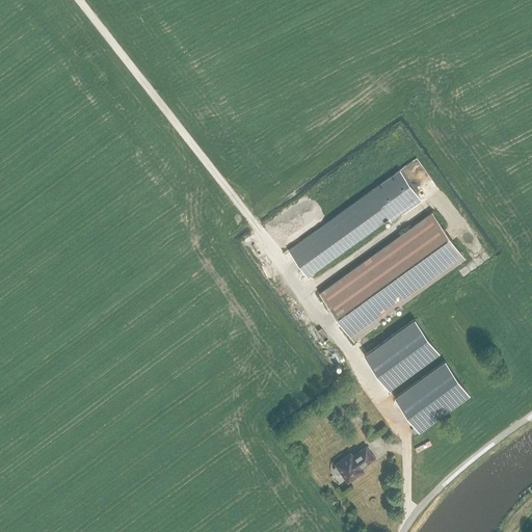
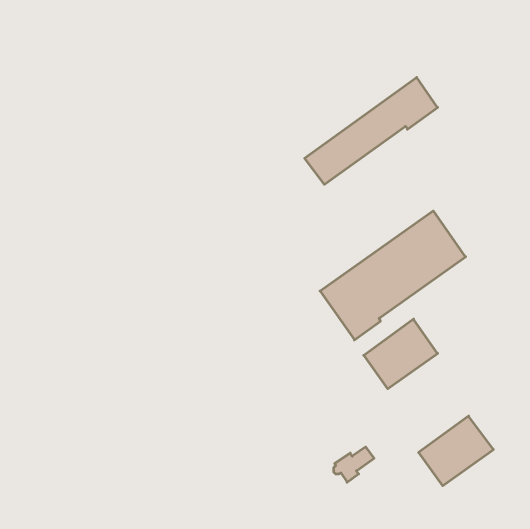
building: [287,171,420,278] -> [305,77,438,184]
building: [394,364,469,433] -> [419,416,493,486]

